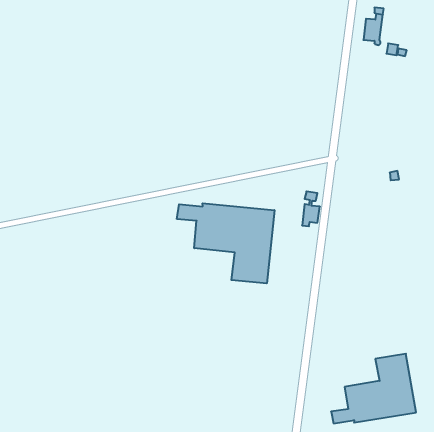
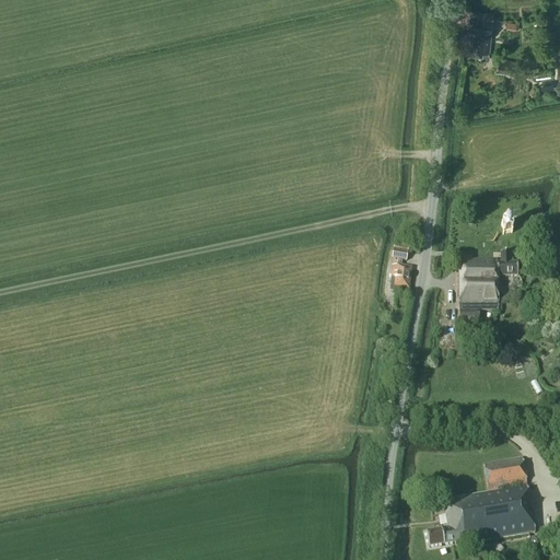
building: none -> [459,249,518,322]
building: [177,203,274,283] -> none

